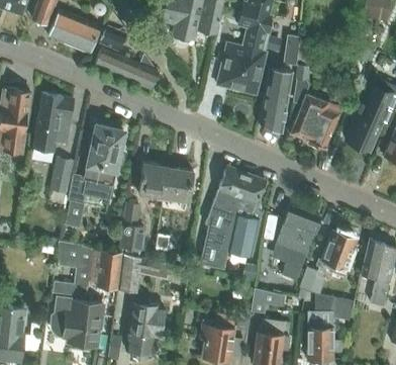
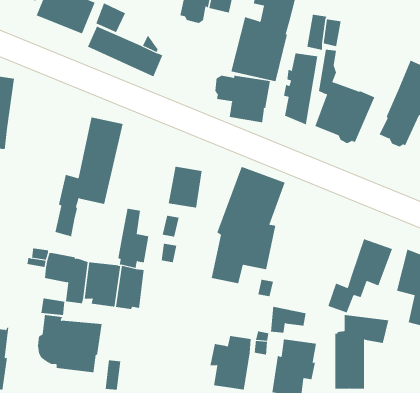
building: none -> [215,75,270,123]
building: [32,93,74,151] -> none
building: [49,158,74,194] -> none
building: [138,163,169,199] -> none
building: [276,205,320,280] -> none
building: [126,303,163,353] -> none

